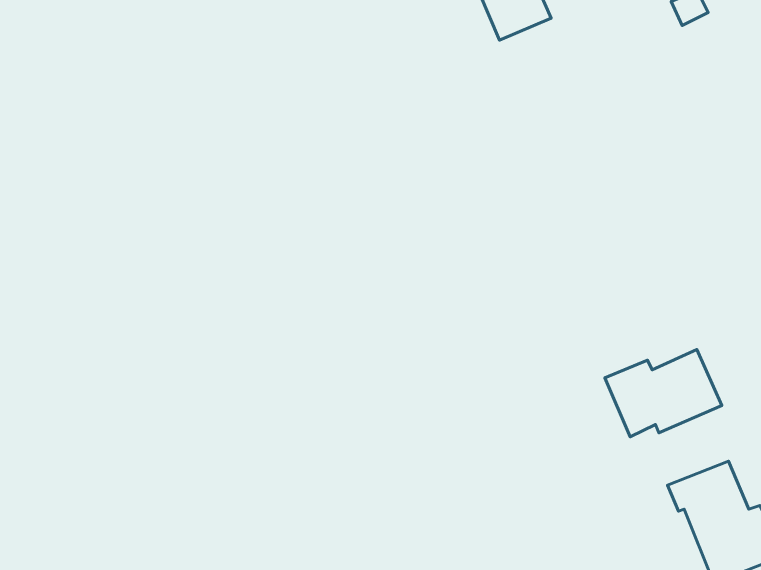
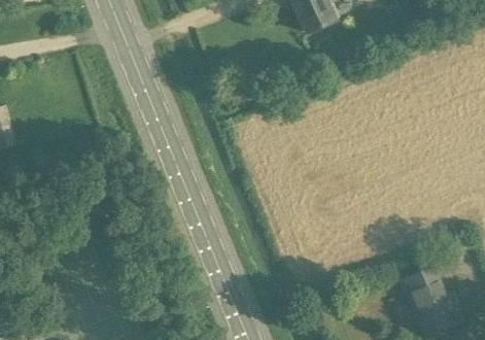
building: [605,349,722,437] -> none

